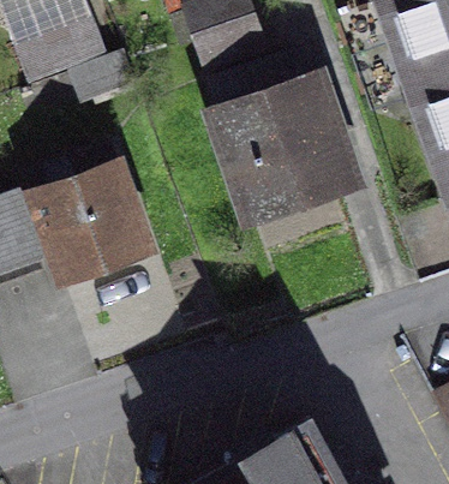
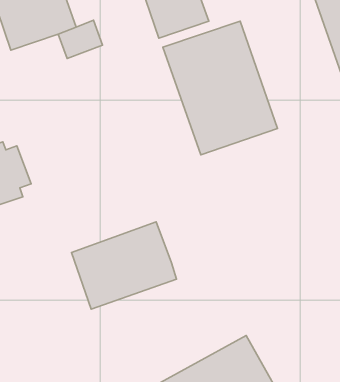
building: [36,148,145,275] -> none
building: none -> [71,222,177,309]

